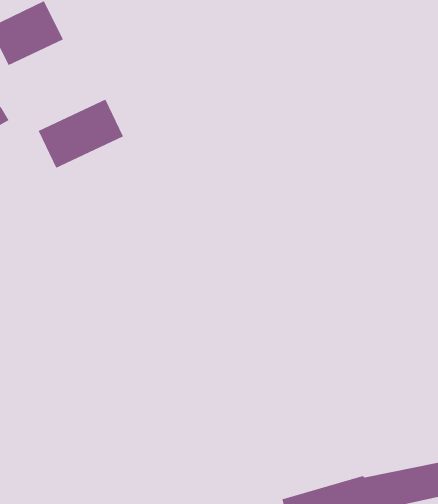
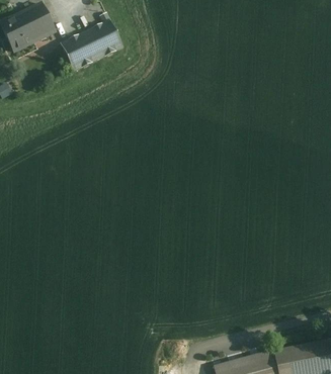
building: [38,99,124,168] -> [60,19,122,70]

